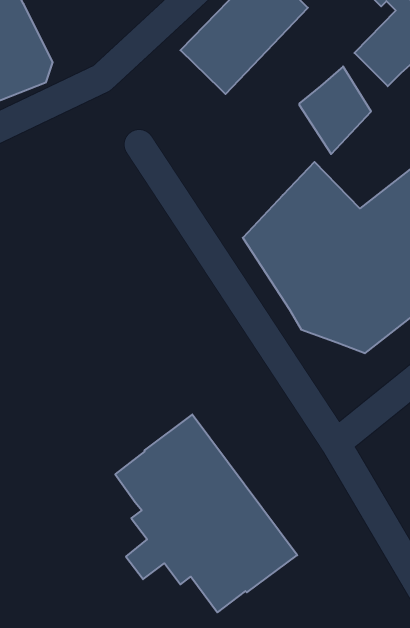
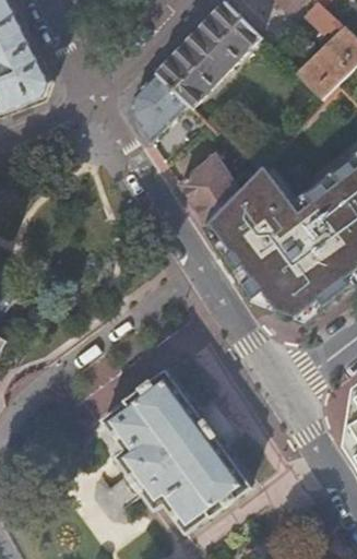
building: none -> [133,70,188,140]
building: [299,66,371,154] -> [180,152,239,224]

